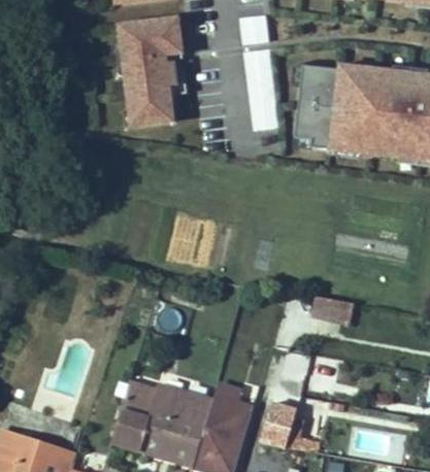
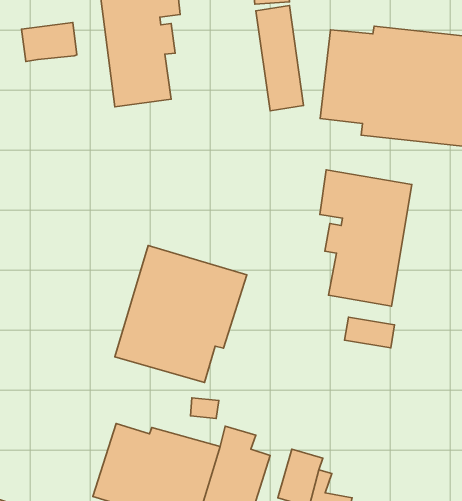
building: none -> [22,23,77,61]
building: none -> [320,170,412,306]
building: none -> [115,245,247,383]

